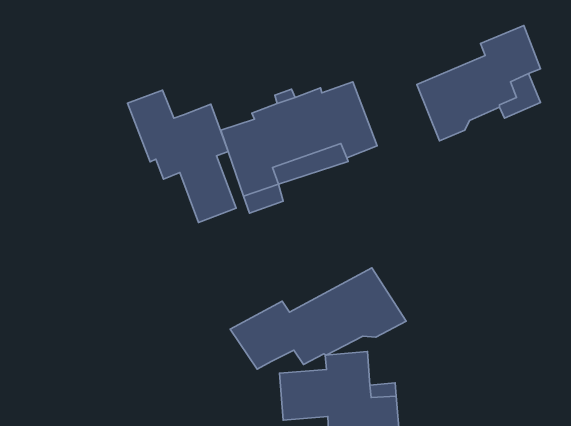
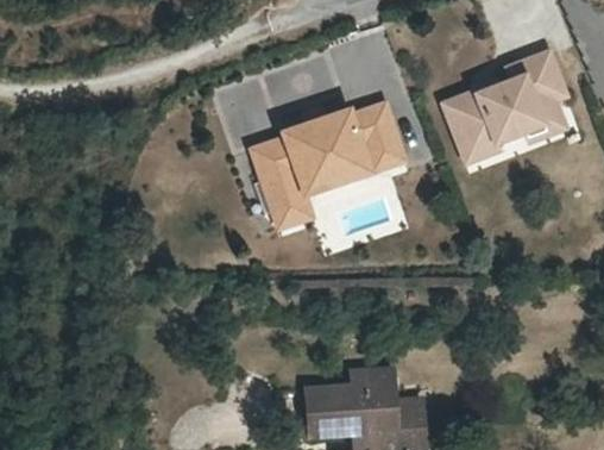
building: [128,90,236,222] -> none
building: [230,268,406,369] -> none

